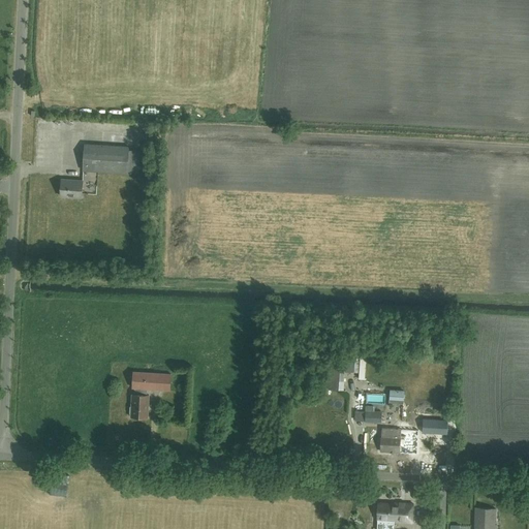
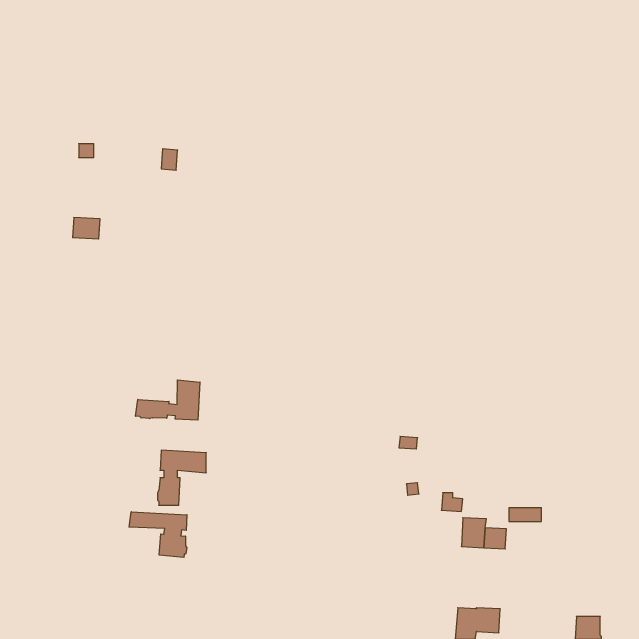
building: [83,144,128,174] -> none
building: none -> [136,380,200,420]
building: none -> [129,512,187,557]

